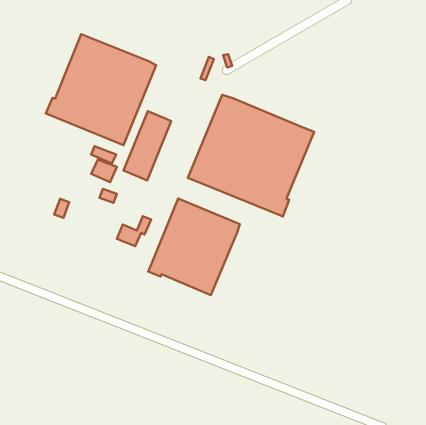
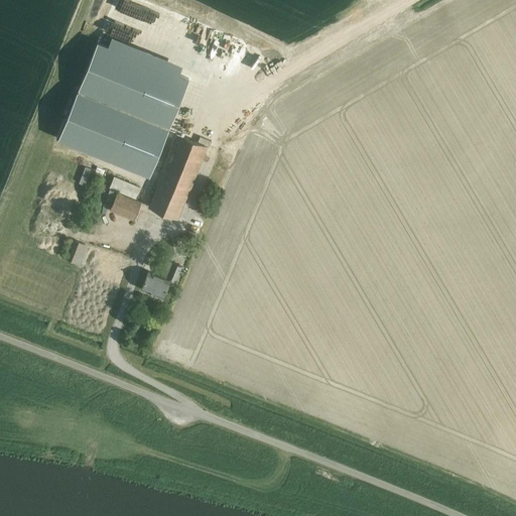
building: [188,95,314,217] -> none
building: [148,199,240,295] -> none

